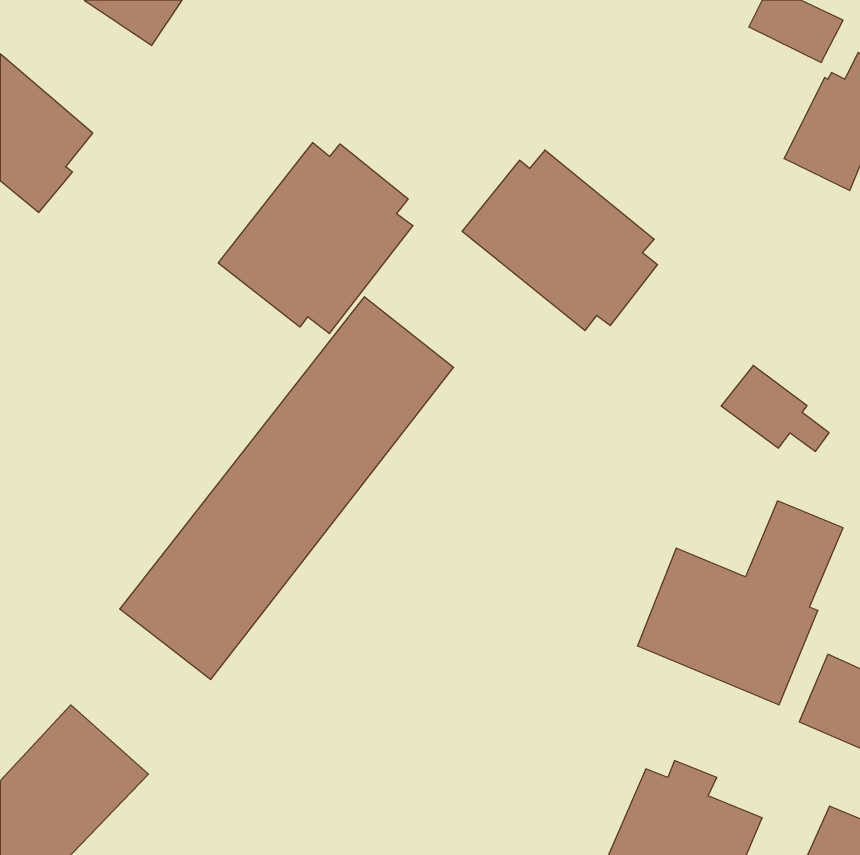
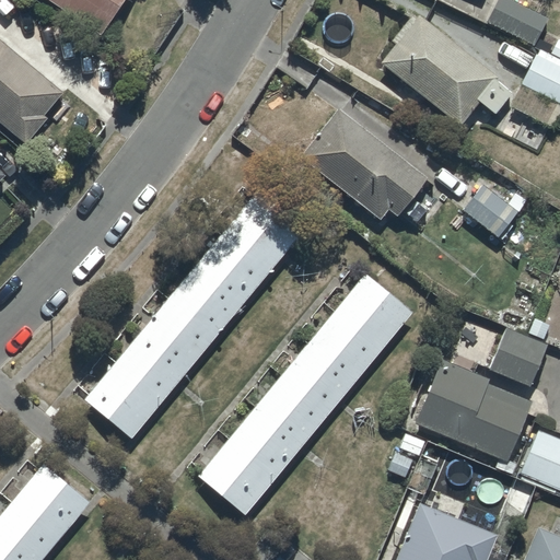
building: none -> [381,13,512,124]
building: [218,143,413,334] -> none
building: [721,365,829,451] -> [462,185,532,241]
building: none -> [194,271,417,516]

